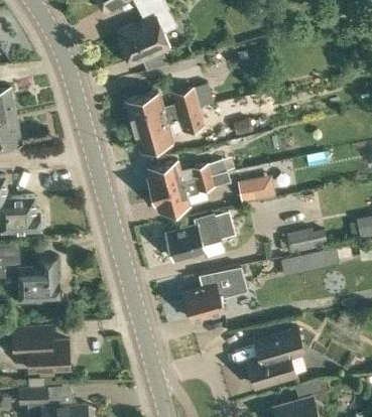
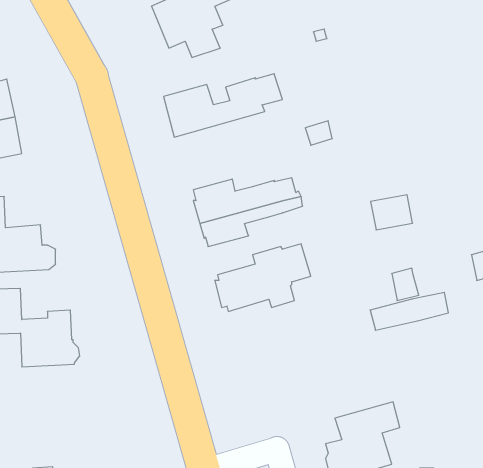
building: [134,112,206,150] -> none
building: [237,176,268,202] -> [371,195,413,230]
building: [183,267,247,320] -> none
building: [13,328,70,372] -> none

